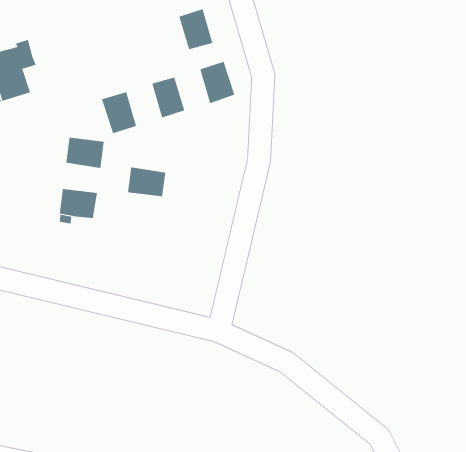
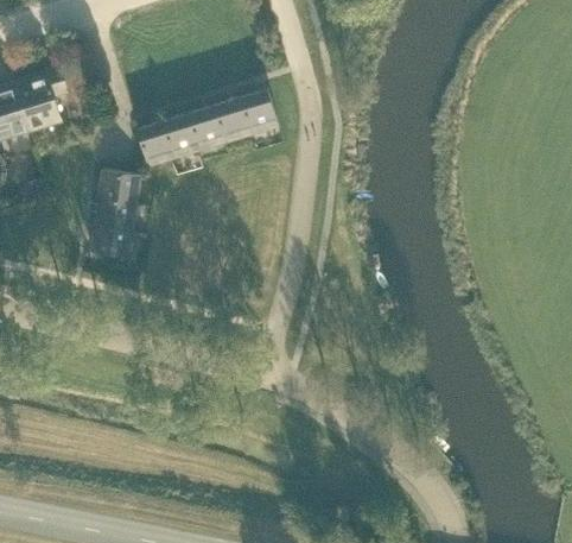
building: [179,9,213,50] -> [212,95,249,139]
building: none -> [161,111,198,156]
building: [127,167,166,197] -> [93,195,134,227]

